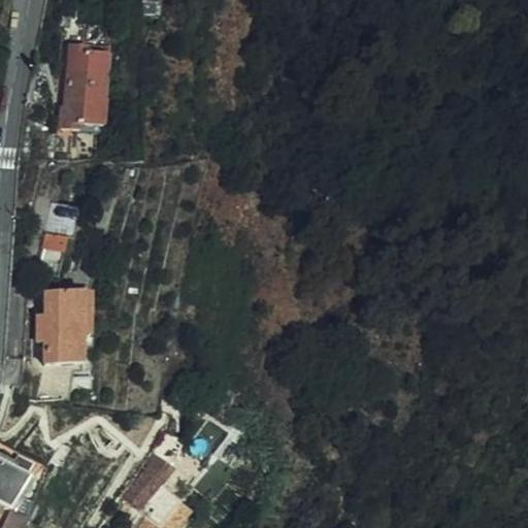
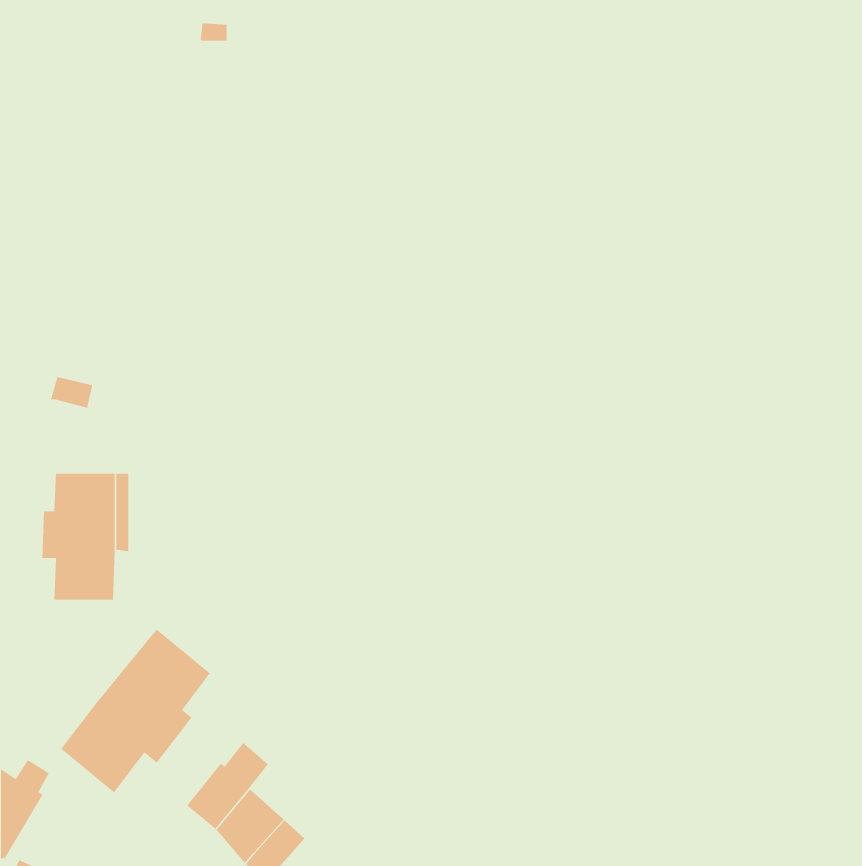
building: [60,37,104,124] -> none
building: none -> [60,629,211,793]

